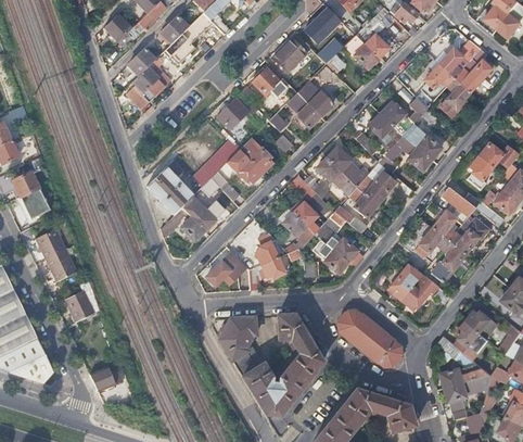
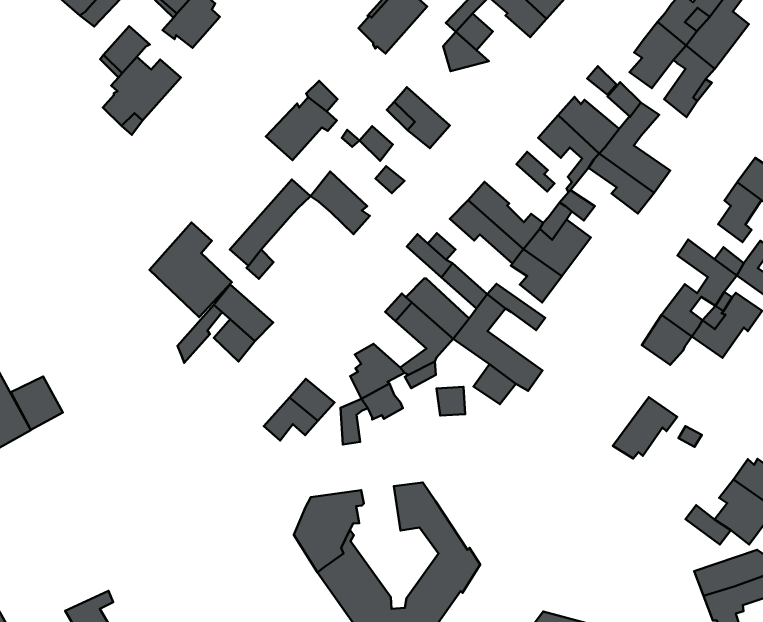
building: [252,67,290,97] -> none
building: [297,80,332,115] -> none
building: [228,150,263,182] -> none
building: [432,241,464,281] -> none
building: [387,263,422,300] -> none
building: [65,292,93,321] -> [11,377,63,430]
building: [340,311,399,366] -> none

